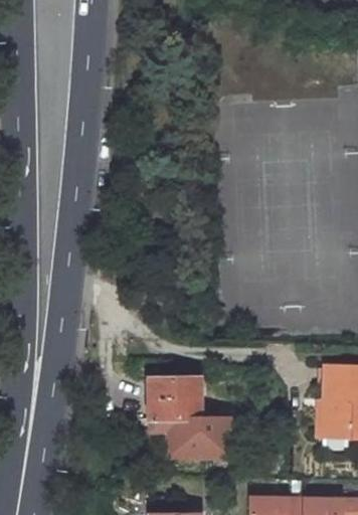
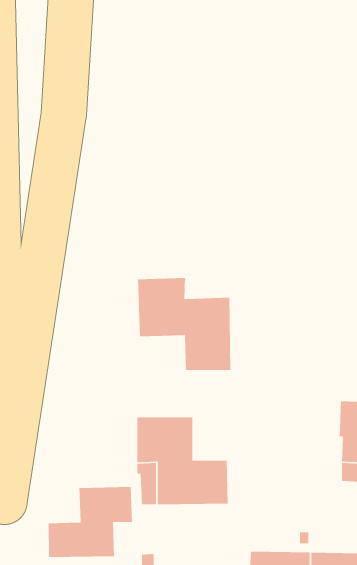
building: none -> [137,277,231,371]
building: none -> [48,486,133,558]

